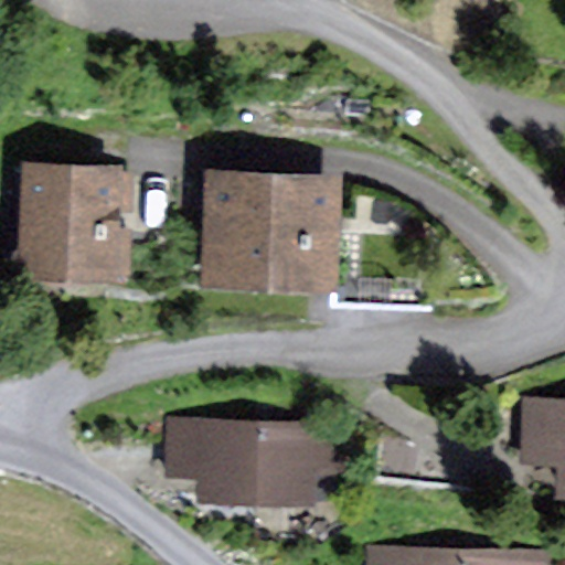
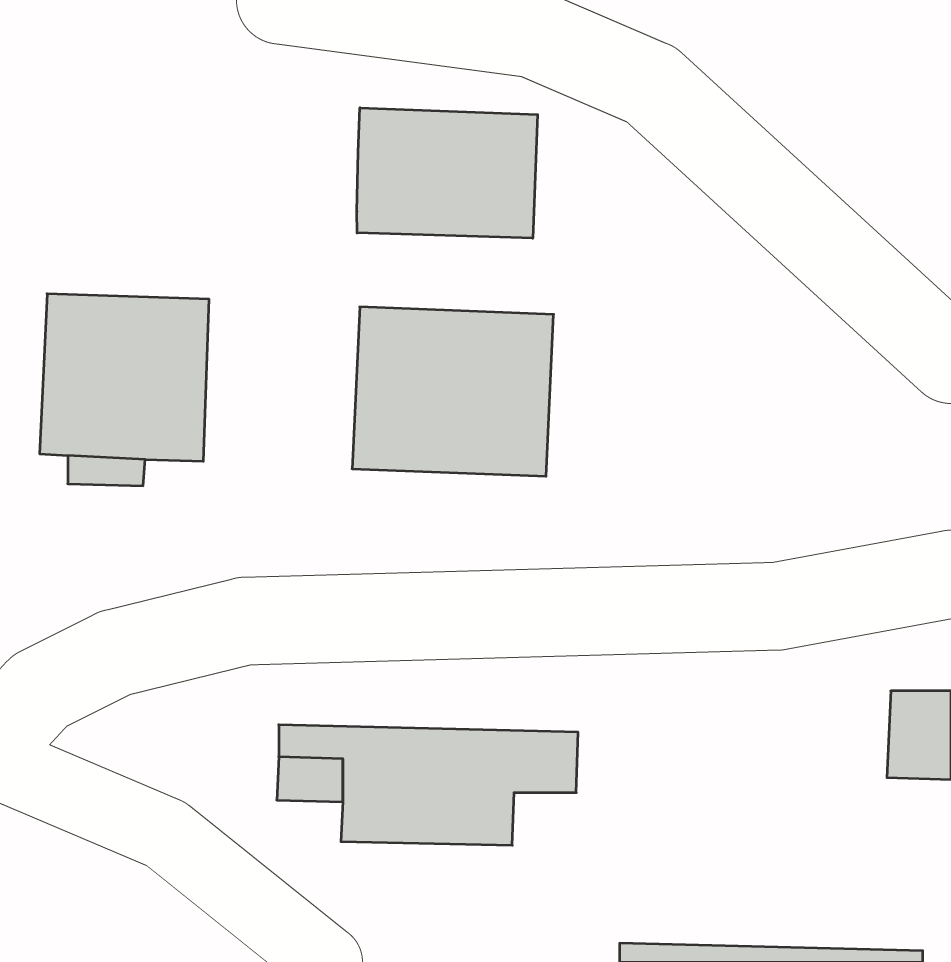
building: none -> [357,108,538,238]

